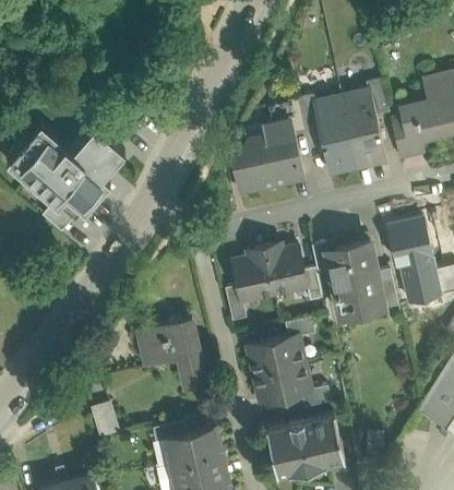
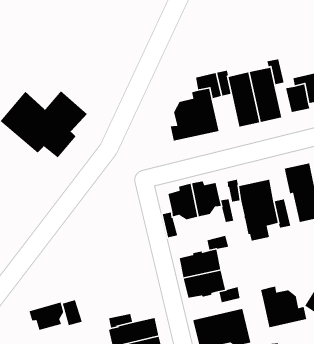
building: [139,321,205,387] -> none
building: none -> [260,286,307,328]
building: none -> [28,301,64,331]

